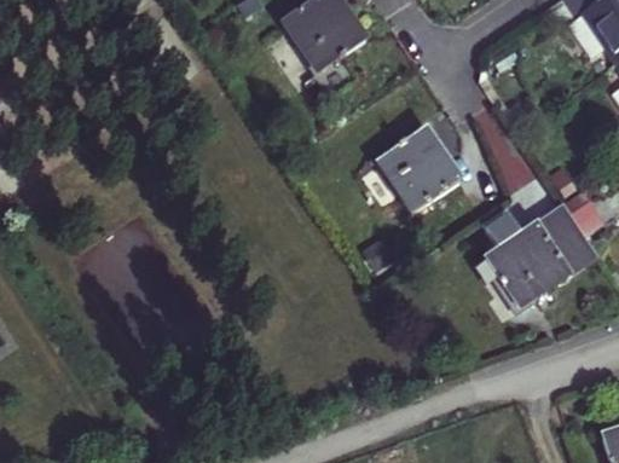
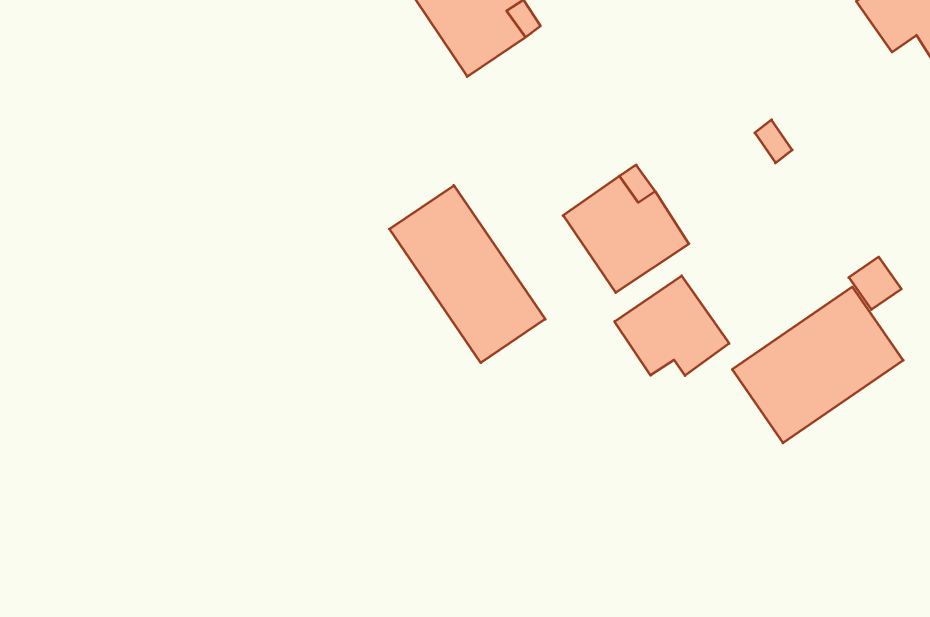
building: none -> [389,185,545,363]
building: none -> [615,276,729,376]

